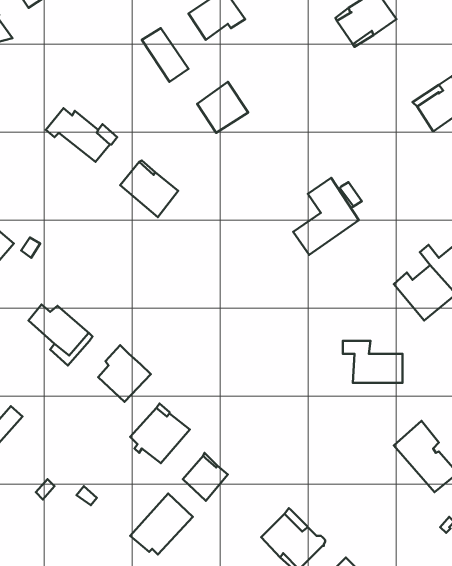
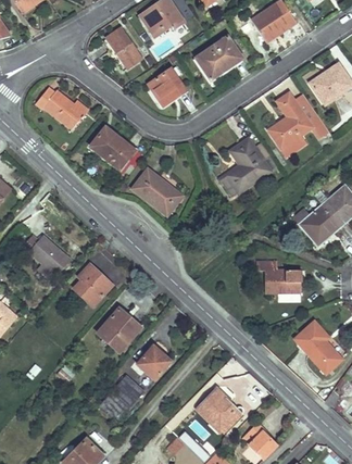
building: none -> [196,36,242,79]
building: none -> [268,92,312,148]
building: none -> [133,168,183,214]

